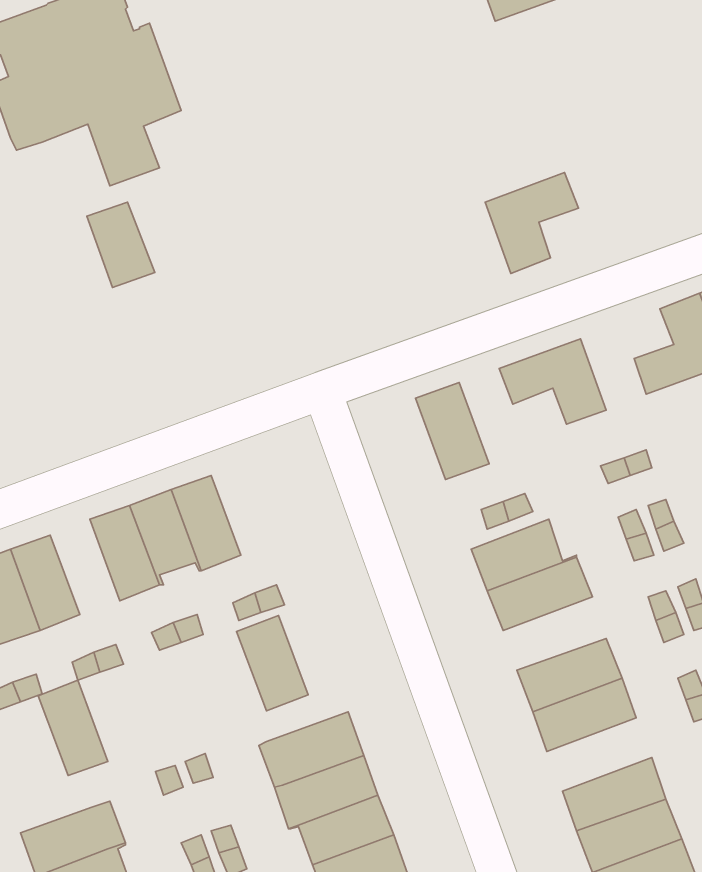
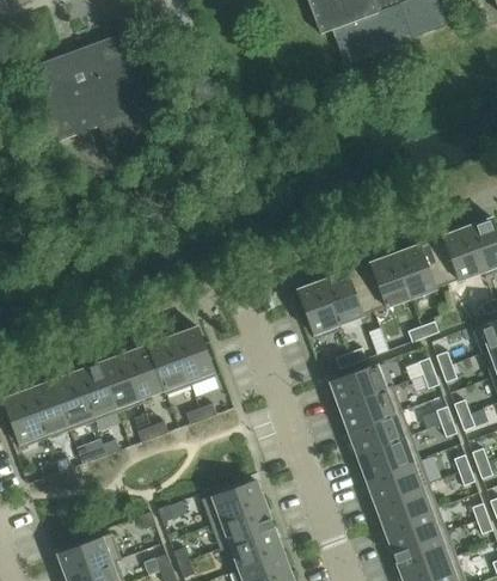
building: [485,172,578,274] -> [395,237,452,298]
building: [87,202,155,288] -> none
building: none -> [323,273,387,330]
building: none -> [349,410,411,454]
building: [237,616,308,711] -> [173,328,216,385]
building: [38,680,108,775] -> [76,363,118,421]
building: none -> [375,483,438,527]

